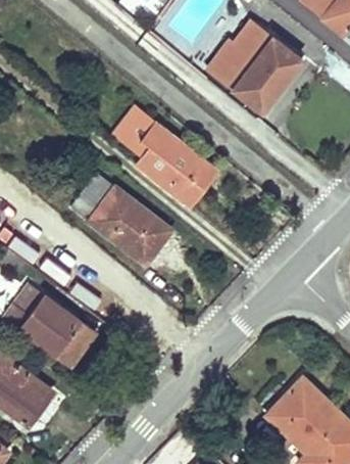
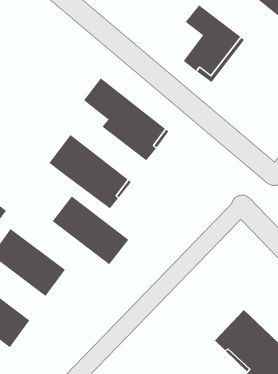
building: [211,42,253,86] -> none
building: none -> [52,196,129,265]

